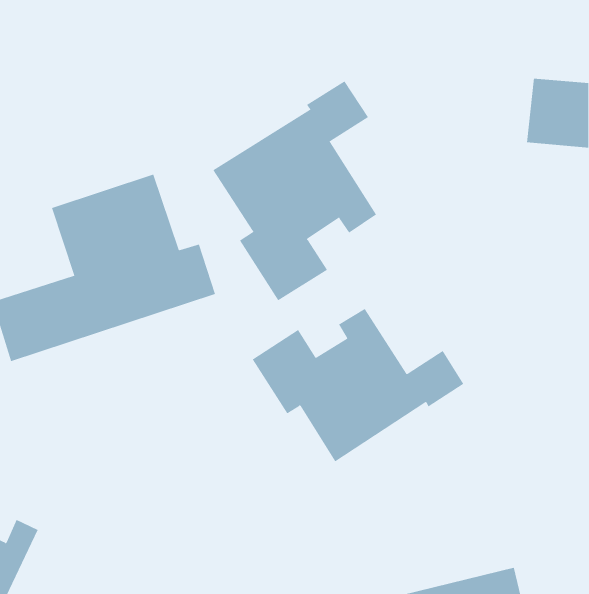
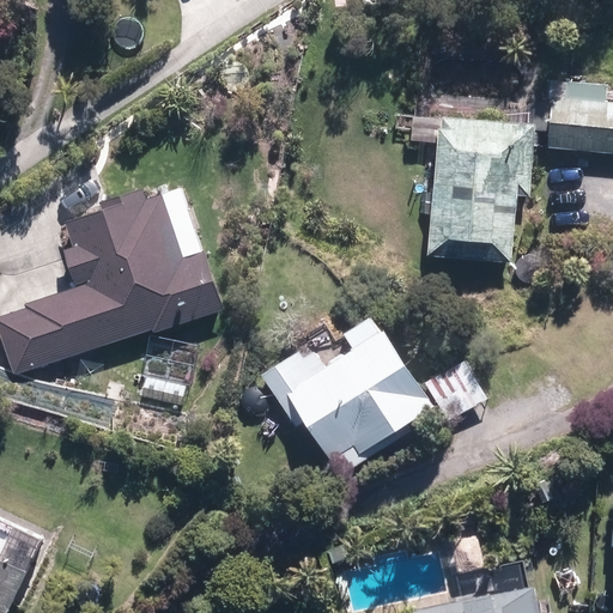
building: [212,80,377,301] -> none
building: none -> [426,117,535,259]

